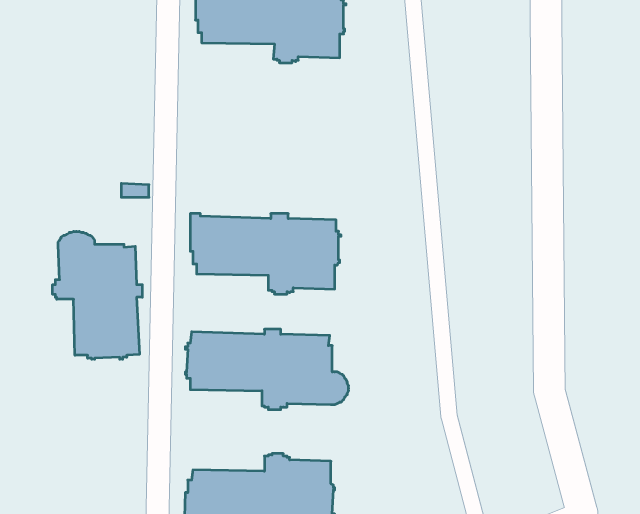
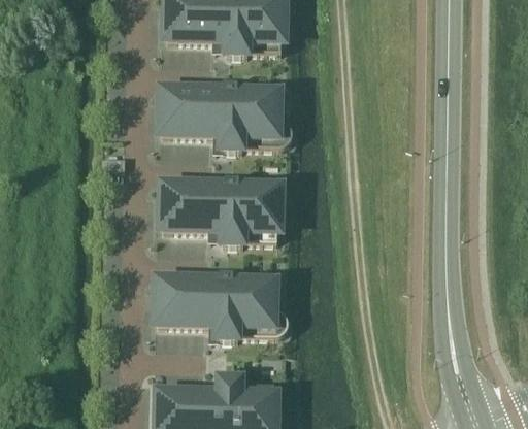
building: none -> [157,82,291,148]
building: [53,231,142,359] -> none

